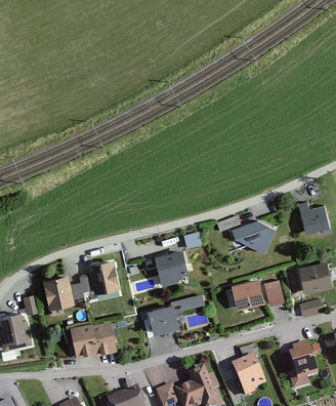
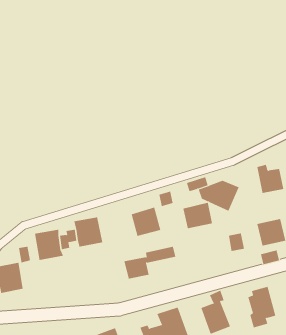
building: [228,279,263,310] -> [183,202,213,229]
building: [69,321,115,358] -> none

